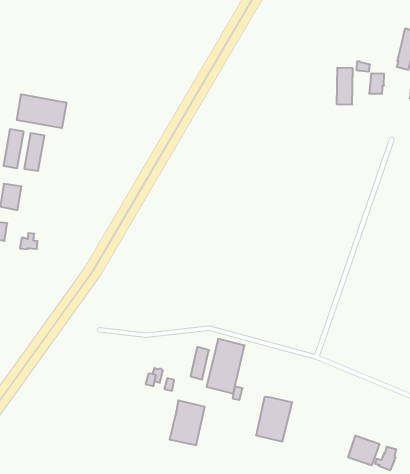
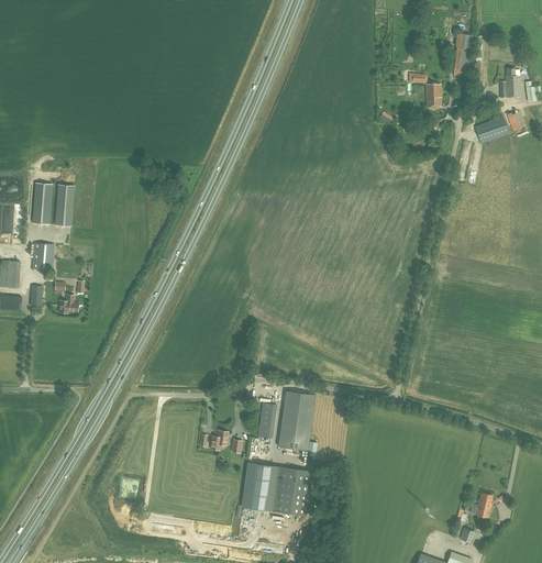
building: [337,68,353,105] -> none
building: [17,94,66,128] -> none
building: [256,397,292,442] -> [272,467,308,515]
building: [348,436,379,465] -> none

